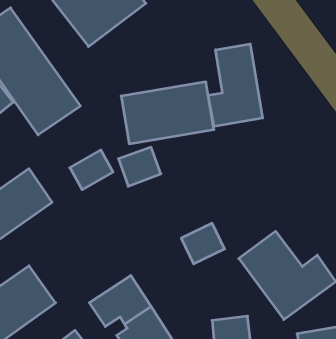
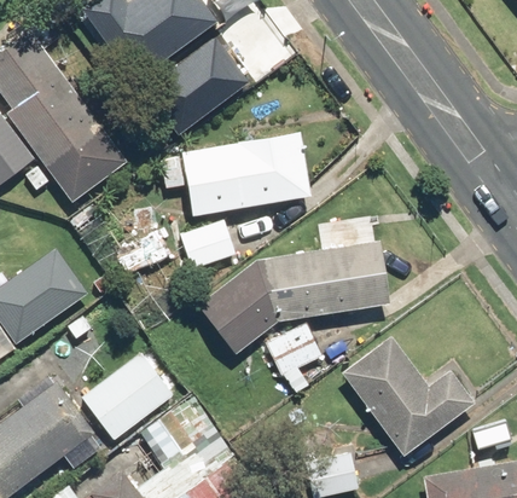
building: none -> [170,39,256,121]
building: [208,44,263,127] -> none
building: none -> [196,241,389,354]
building: none -> [77,354,173,444]

